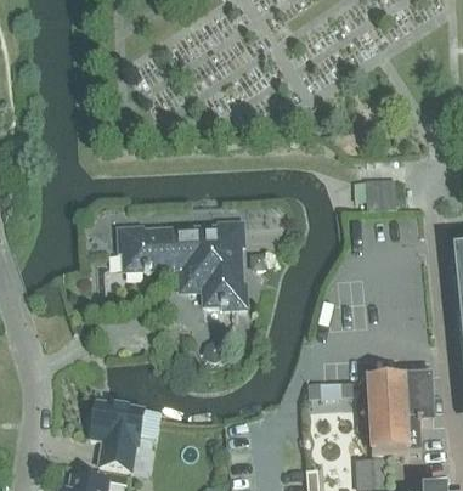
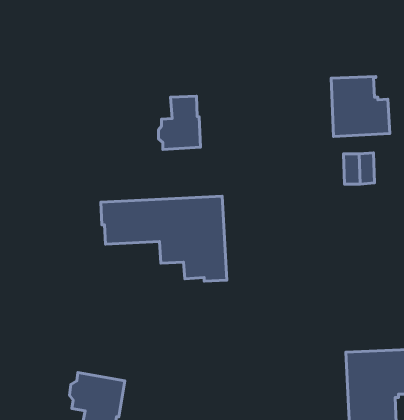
building: none -> [331,77,390,136]
building: none -> [158,96,201,150]

